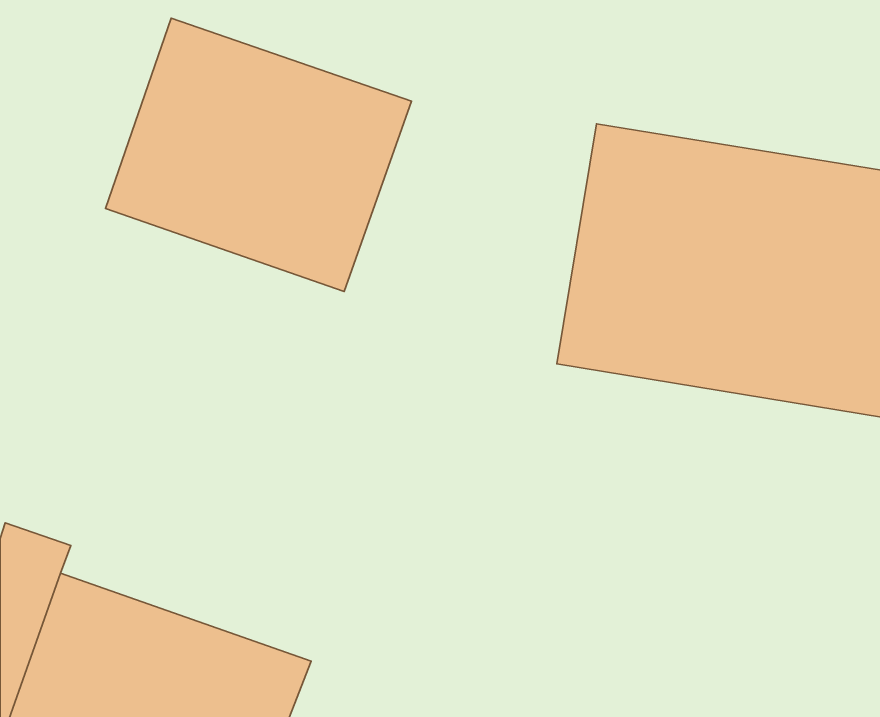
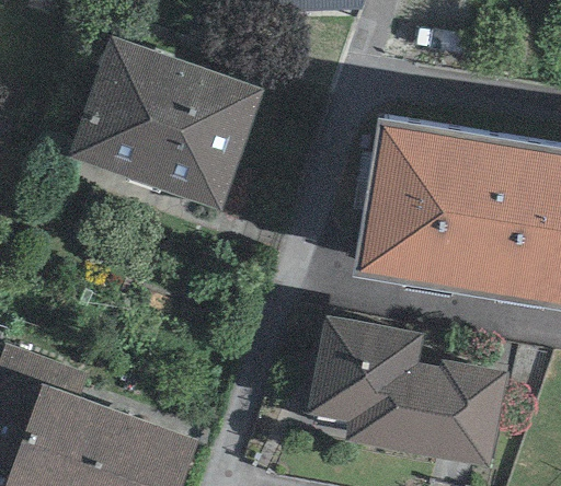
building: none -> [309,317,507,467]

